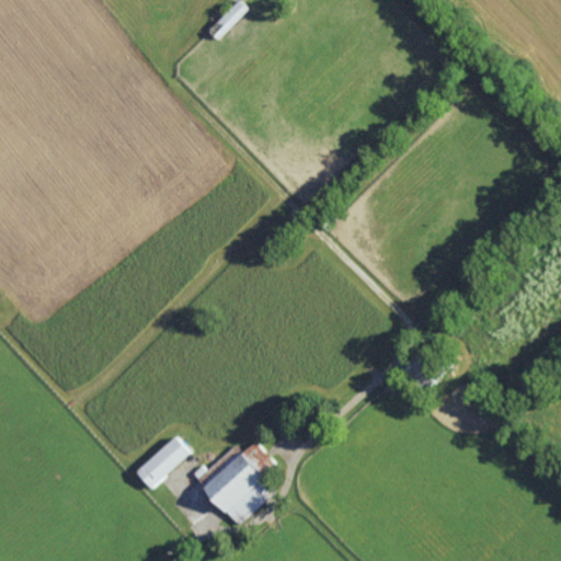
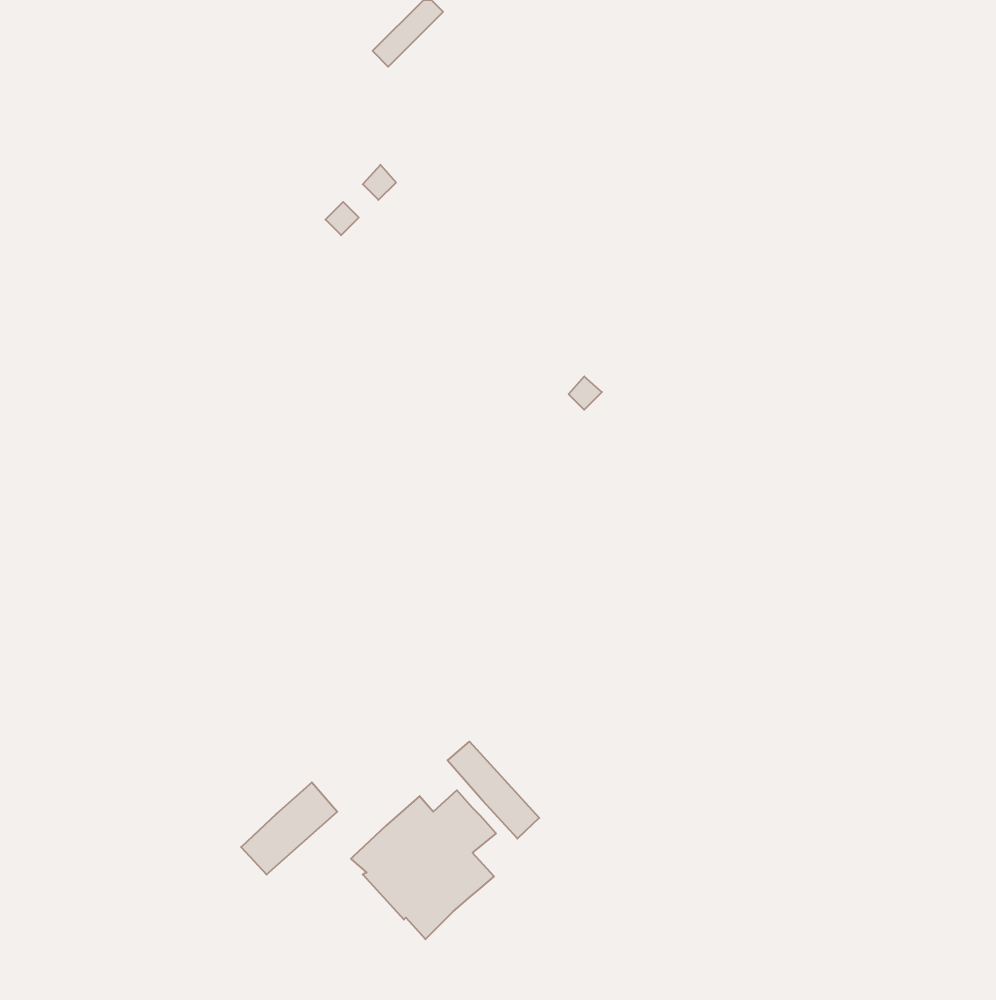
building: none -> [448,742,539,839]

